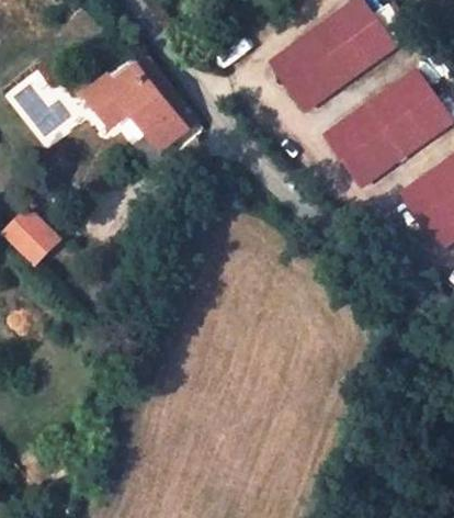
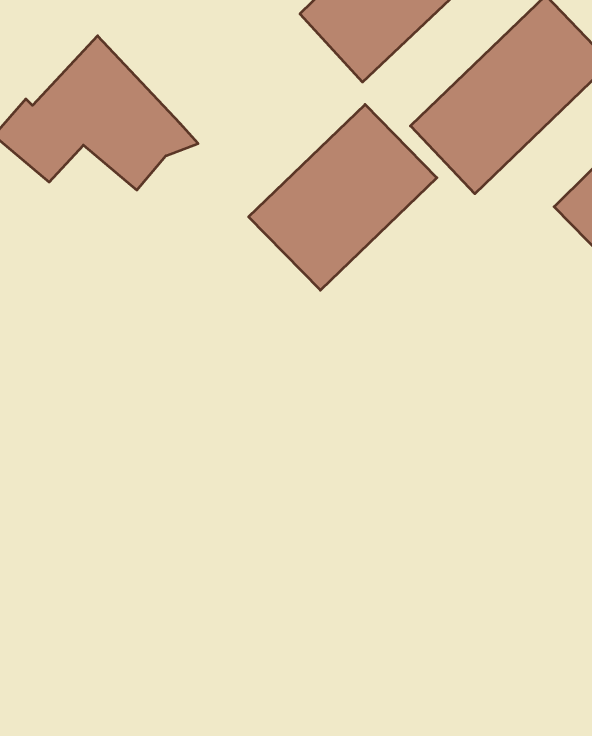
building: none -> [249,104,437,290]

